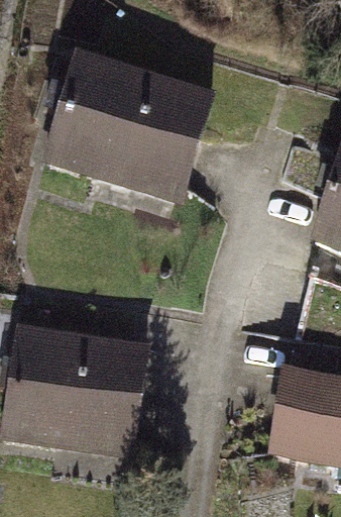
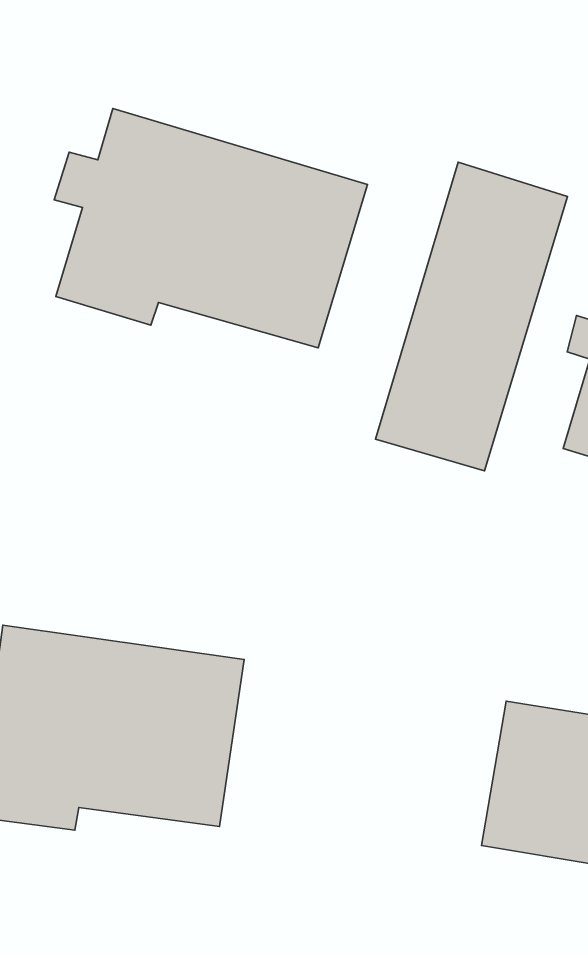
building: none -> [375,162,568,471]

